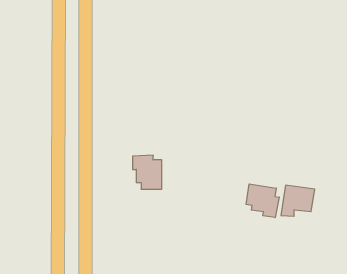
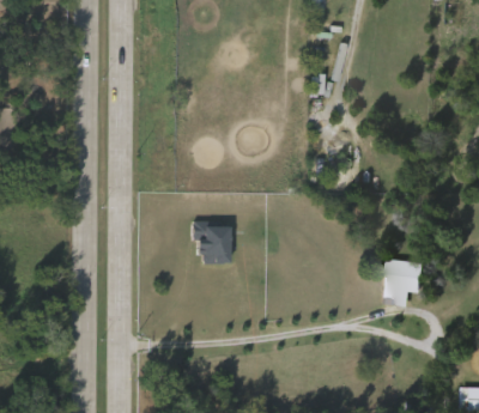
building: [246,184,279,218] -> none

